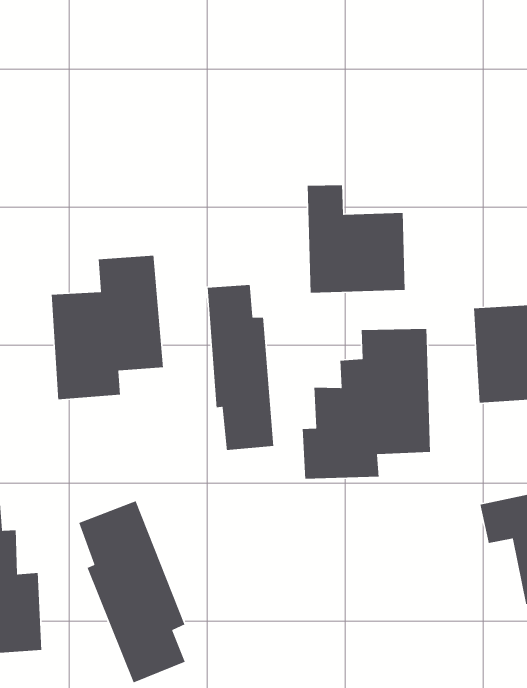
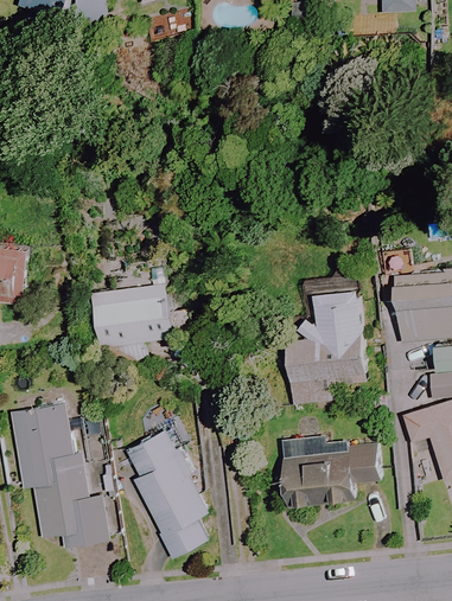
building: [307,185,405,293] -> none
building: [207,284,274,451] -> none
building: none -> [281,448,380,503]

